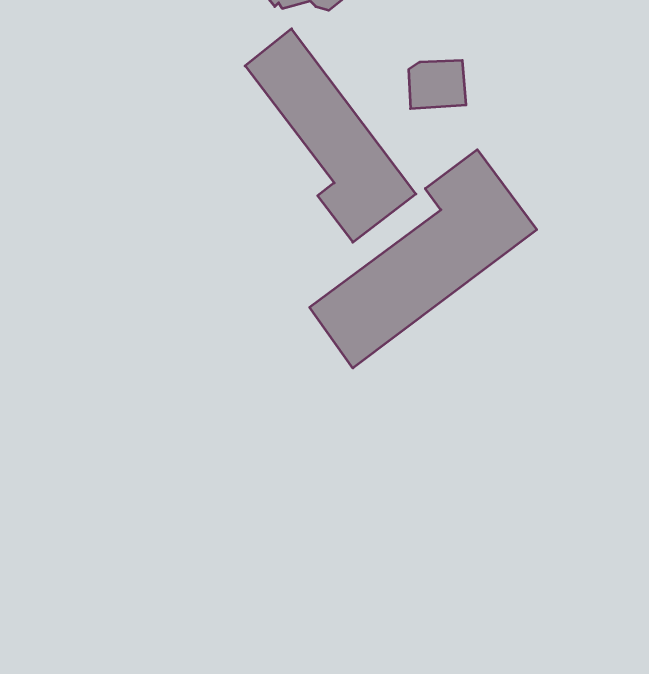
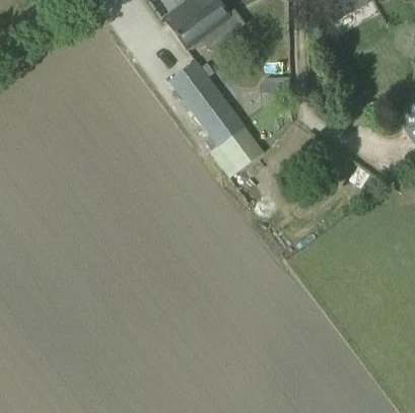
building: [310,150,537,368] -> none

